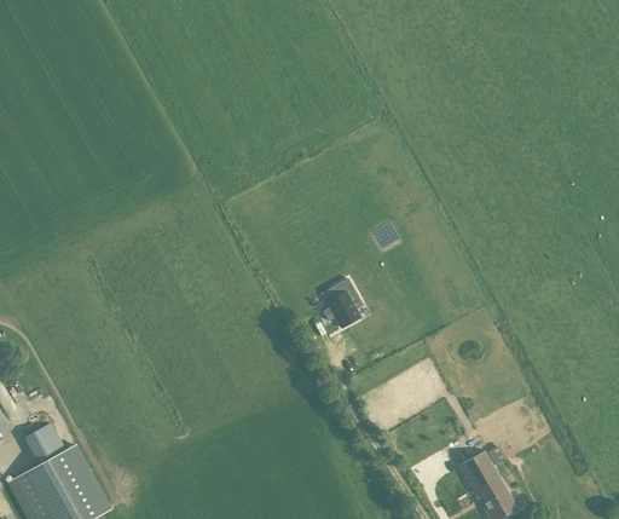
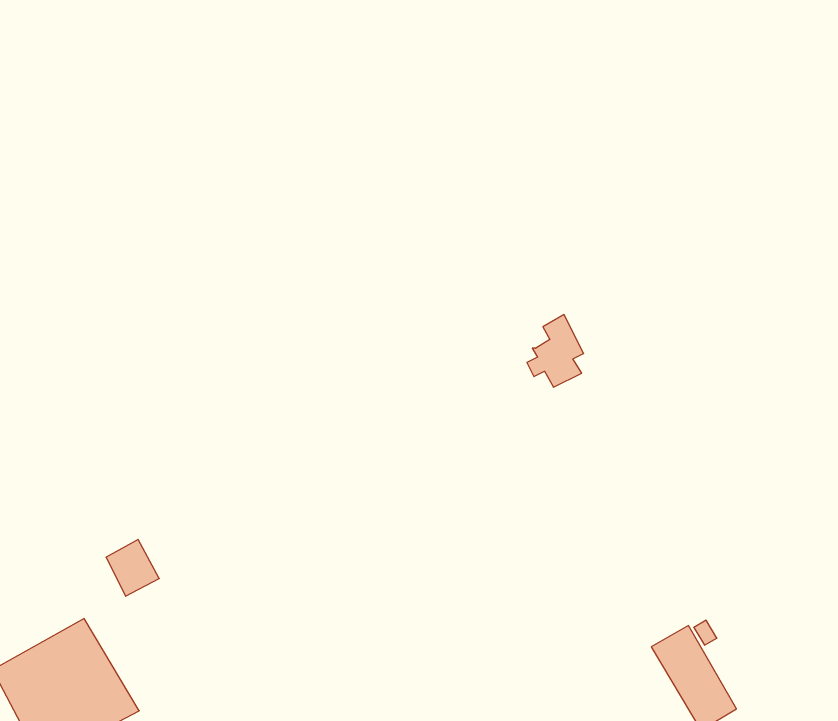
building: [322,277,360,327] -> [527,315,584,387]
building: [28,421,64,460] -> [106,539,159,596]

